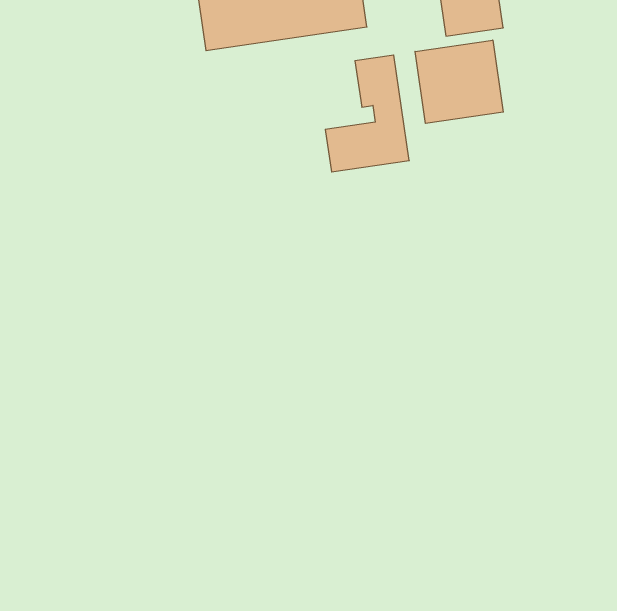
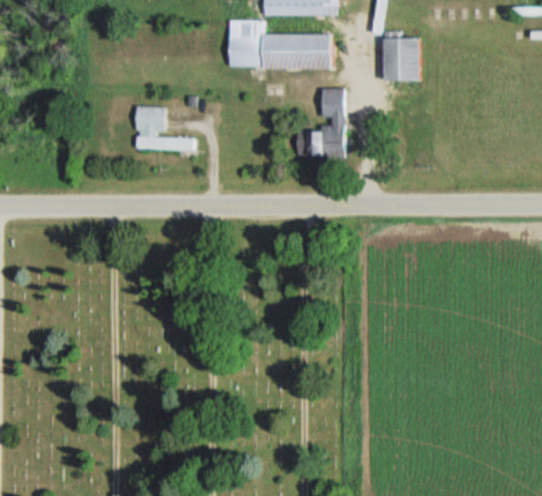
building: [415,40,503,123] -> none
building: none -> [134,106,196,150]

